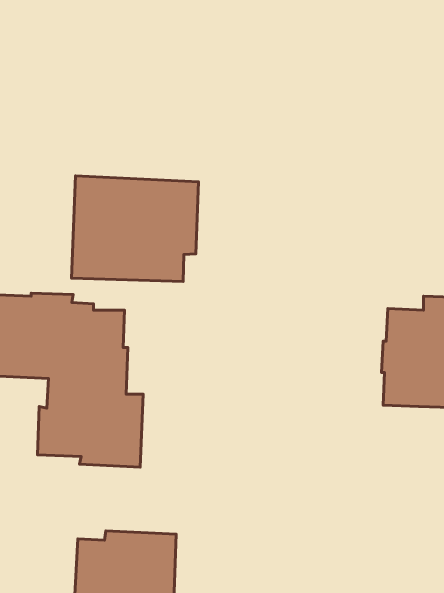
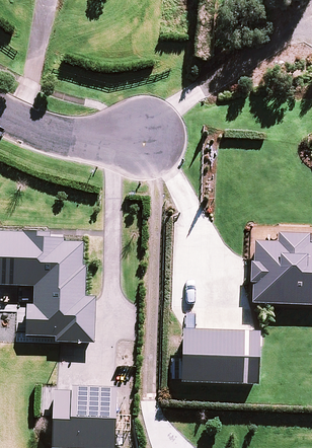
building: [72,176,199,282] -> none
building: none -> [180,326,259,383]

